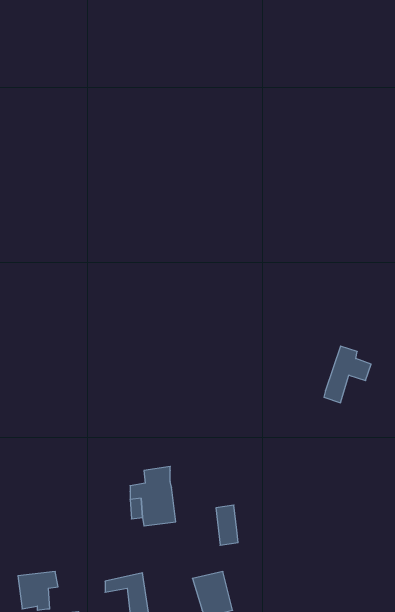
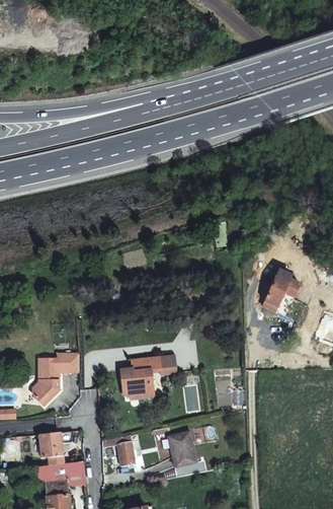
building: none -> [151,354,177,375]
building: none -> [33,358,76,408]

